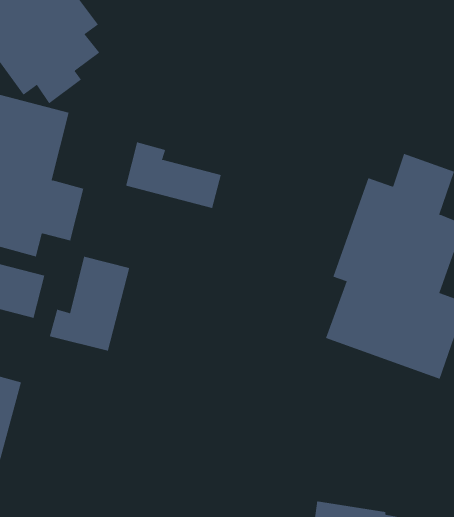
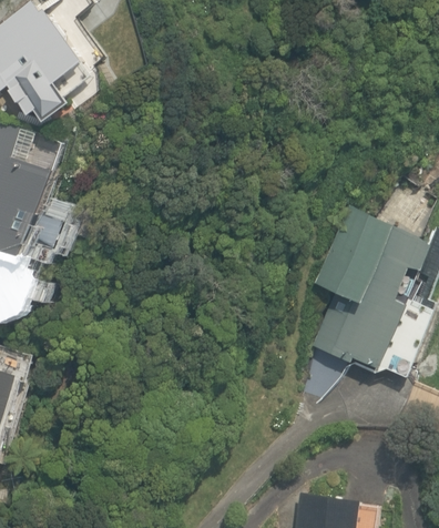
building: [126,142,221,209] -> none
building: [49,256,130,351] -> none

